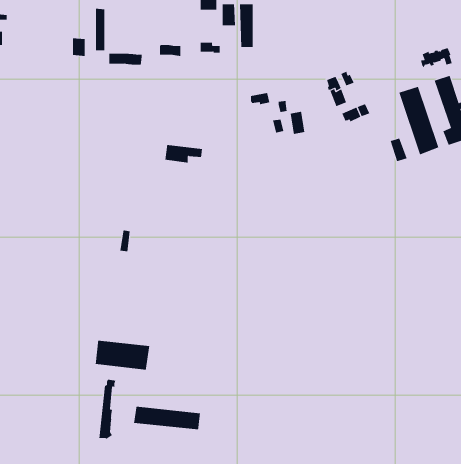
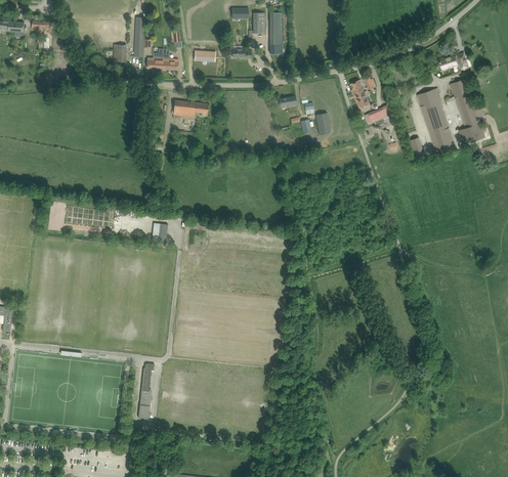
building: [164,144,203,163] -> [172,100,208,118]
building: [95,340,150,370] -> none
building: [133,406,200,430] -> none

